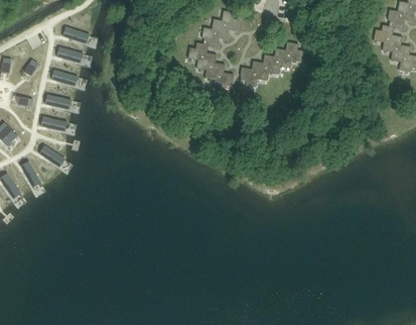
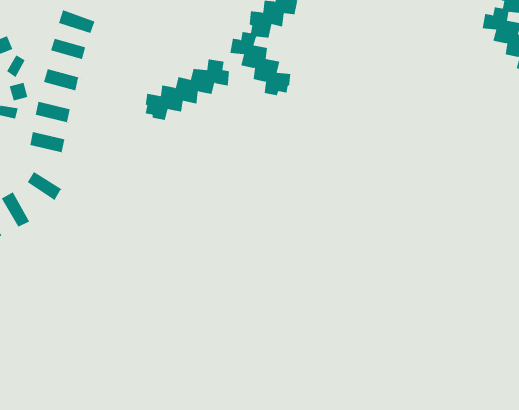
building: [241,40,303,86] -> [145,59,230,120]

